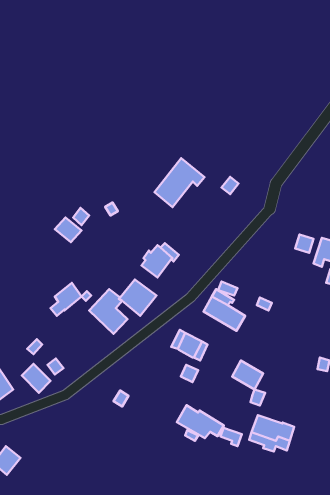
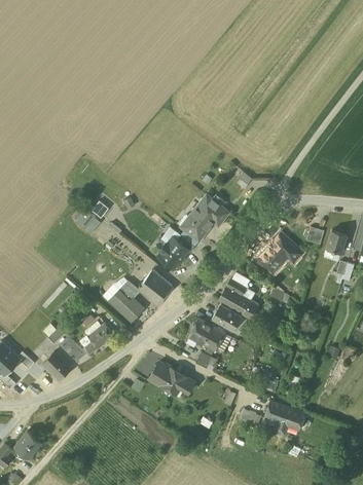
building: [154,158,205,207] -> [181,194,229,241]
building: none -> [257,235,301,273]
building: [51,283,82,316] -> [84,323,114,355]
building: [232,361,263,389] -> [212,304,242,332]
building: [177,405,224,438] -> [149,362,194,394]

